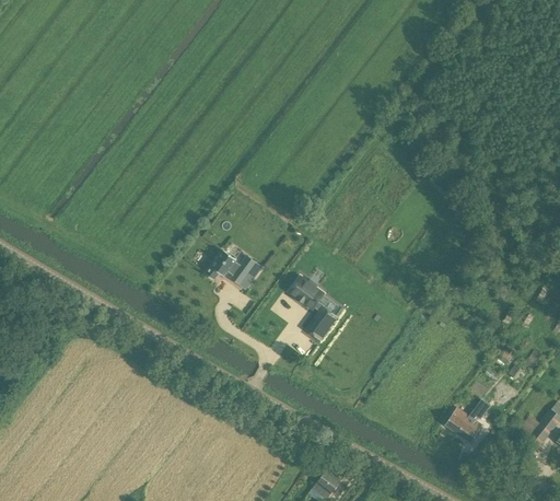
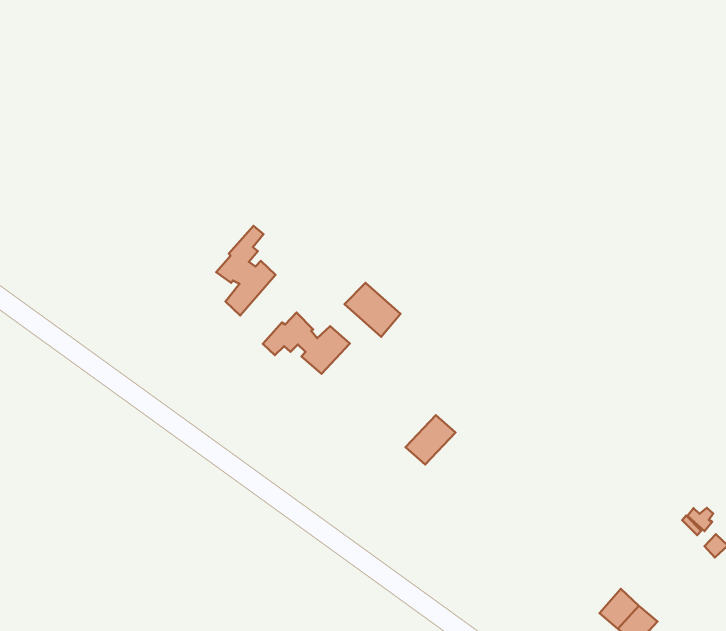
building: none -> [216,226,276,315]
building: [292,275,329,308] -> [345,283,400,337]

